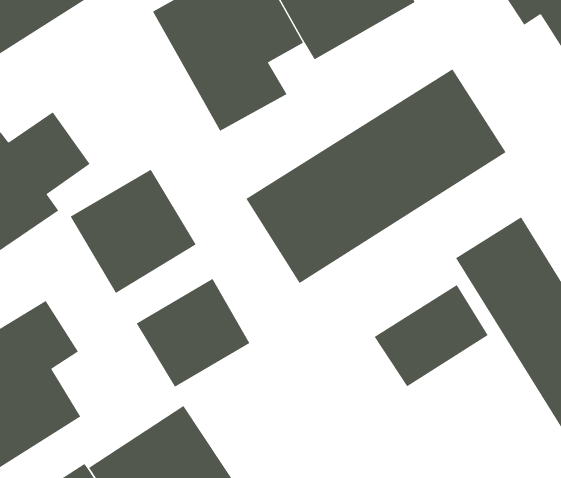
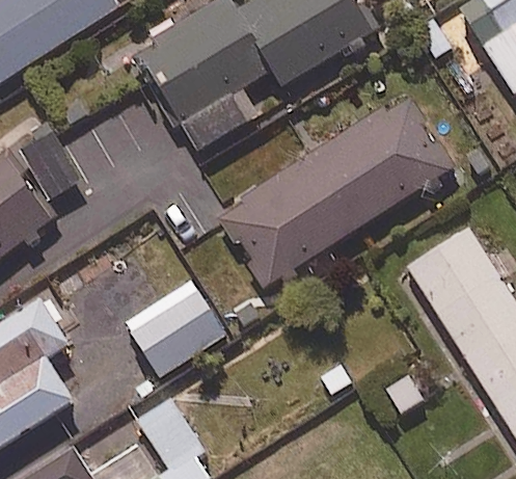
building: [70,169,197,294] -> none
building: [374,284,489,387] -> none

